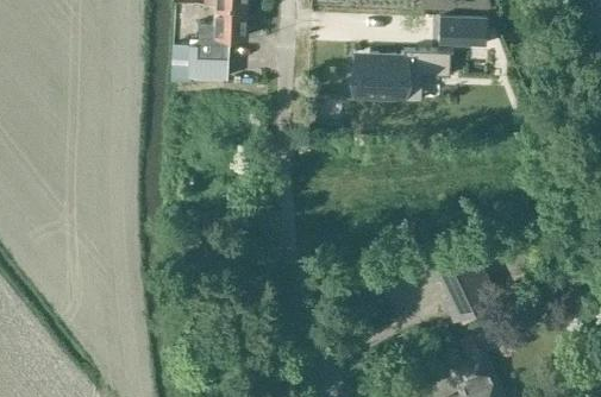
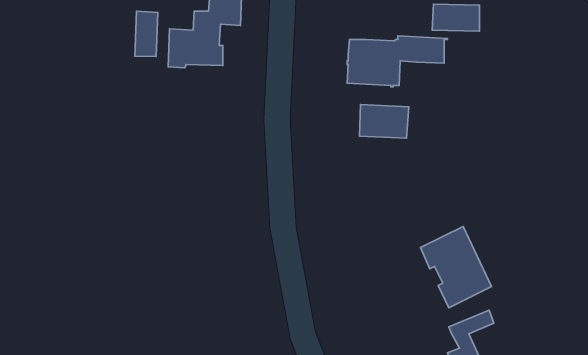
building: none -> [135,11,158,56]
building: none -> [360,104,409,138]

